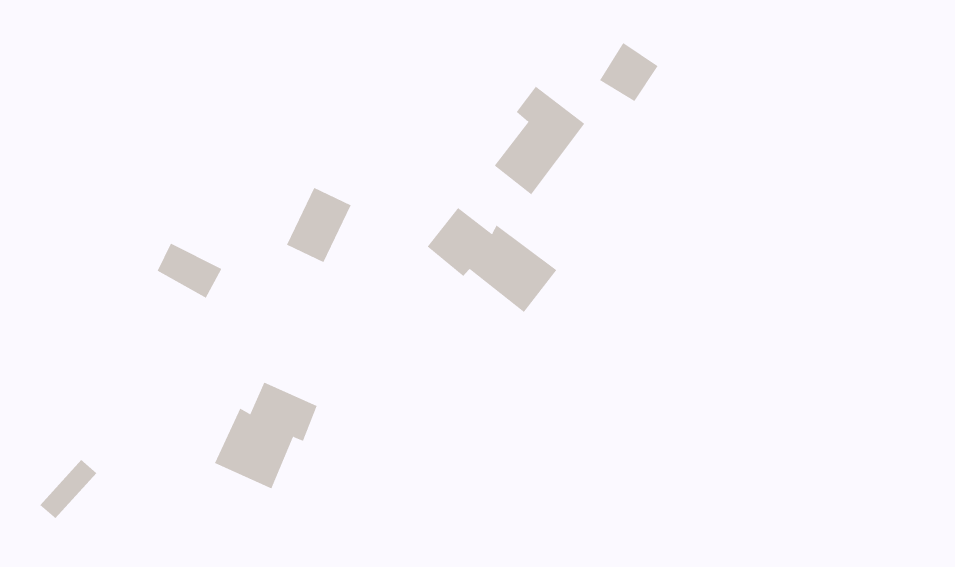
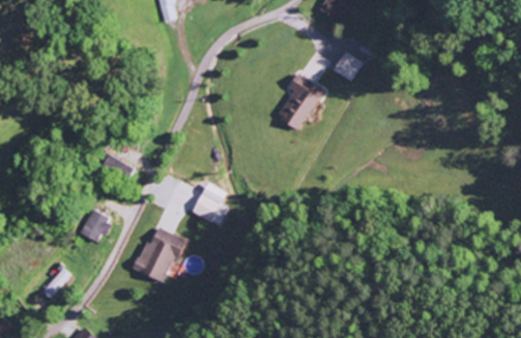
building: [286,187,352,263] -> [193,182,227,221]
building: [427,207,557,313] -> none
building: none -> [81,210,113,241]

